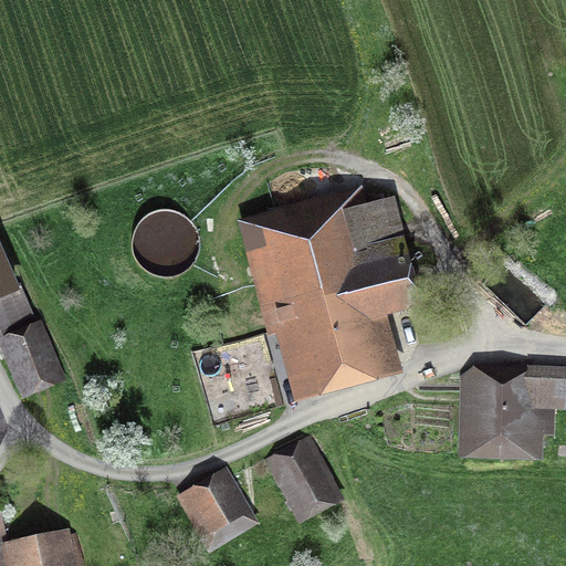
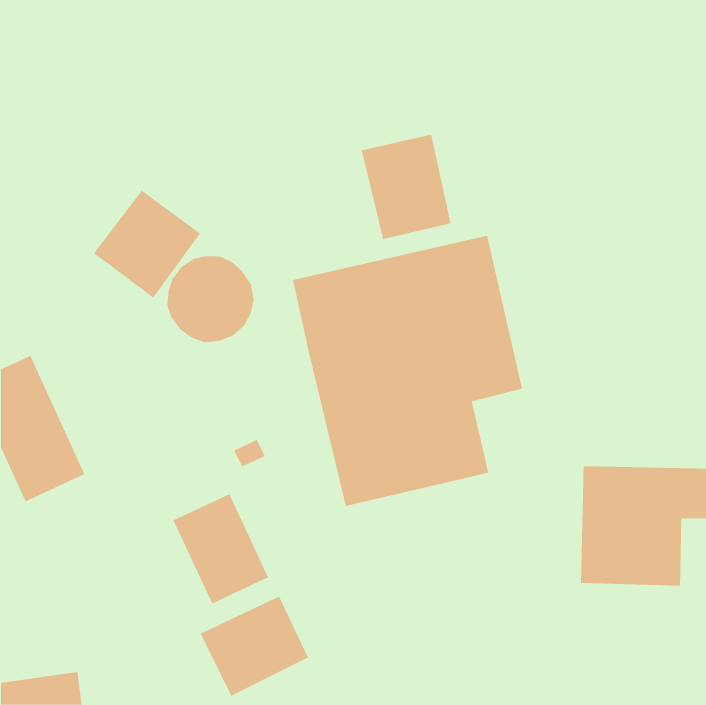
building: none -> [361,134,451,240]
building: none -> [93,190,201,299]
building: [264,434,340,522] -> [173,494,269,604]

